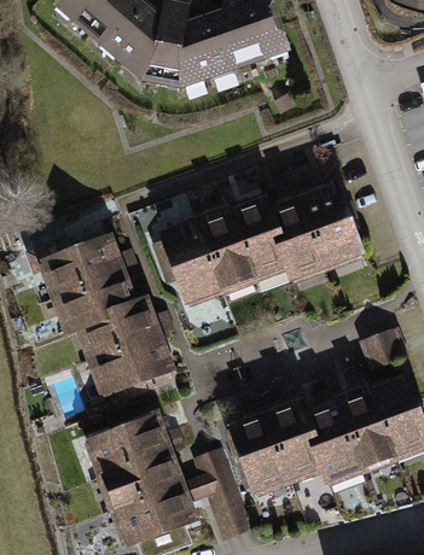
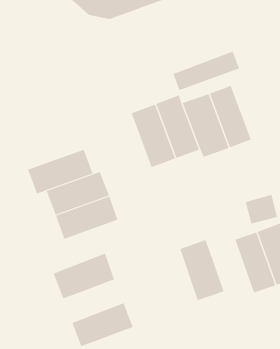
building: none -> [173,51,240,91]
building: [158,218,225,310] -> none
building: [36,234,129,298] -> none
building: [307,397,370,486] -> none
building: [227,410,290,497] -> none
building: [191,450,249,542] -> none
building: [99,454,186,515] -> none

